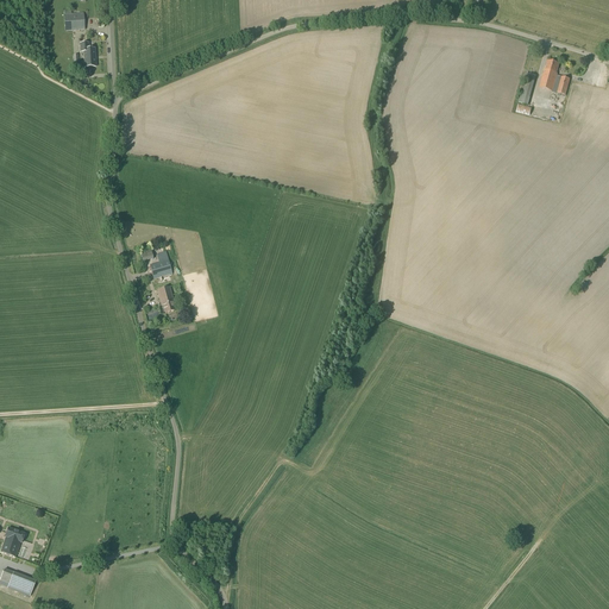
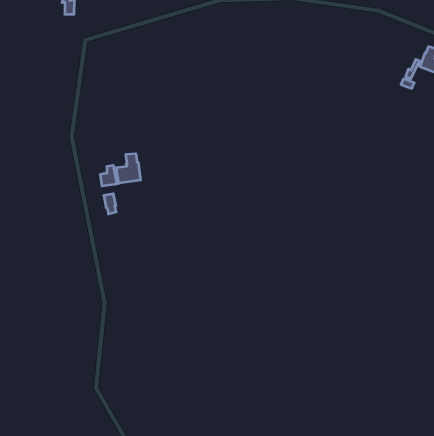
building: none -> [116,154,141,183]

